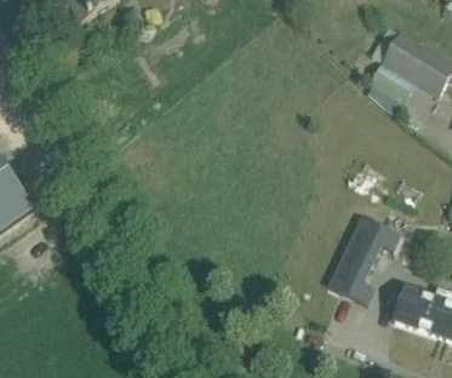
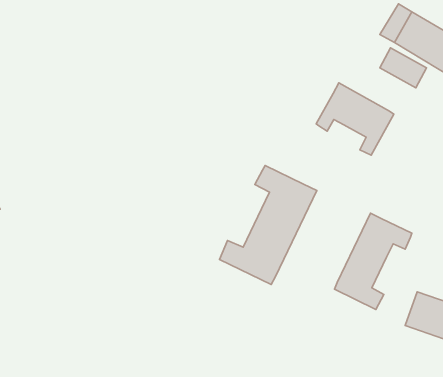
building: none -> [316,83,394,155]
building: none -> [219,166,317,284]

